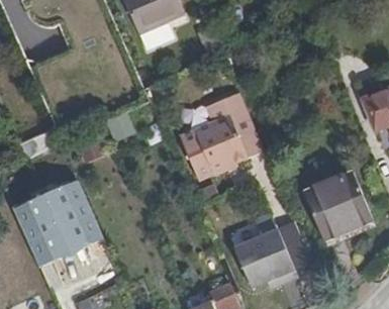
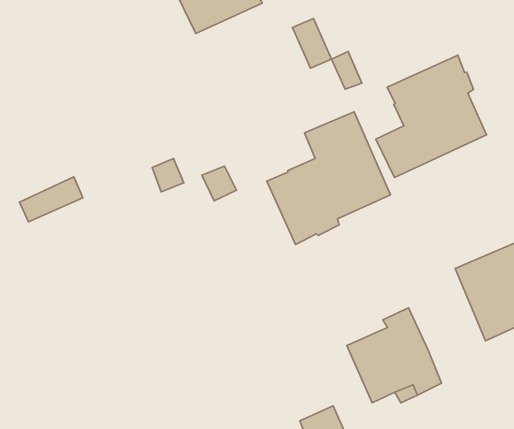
building: none -> [376,55,486,177]
building: [12,181,103,269] -> none

